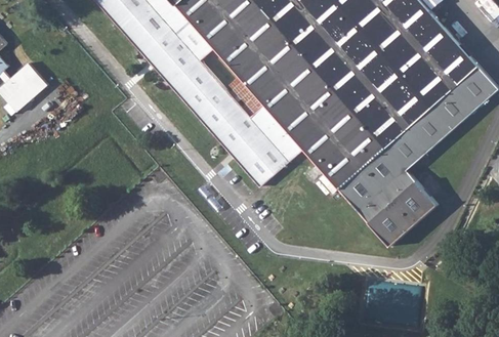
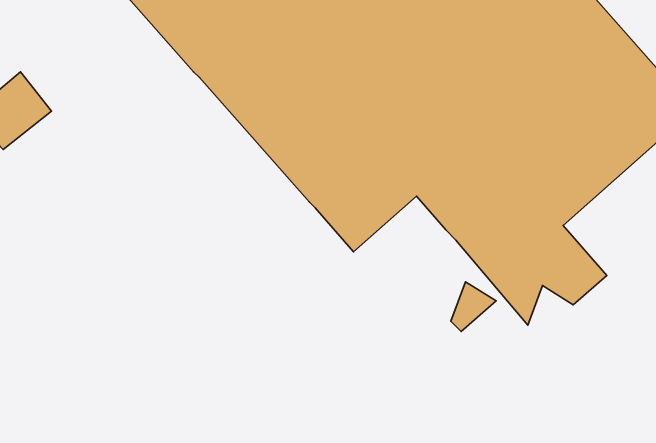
building: [382,210,414,245] -> [451,282,496,332]

